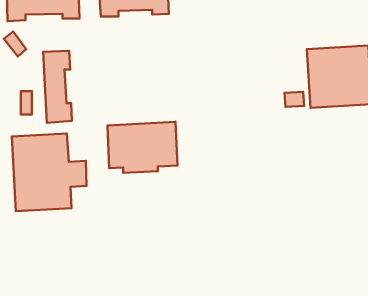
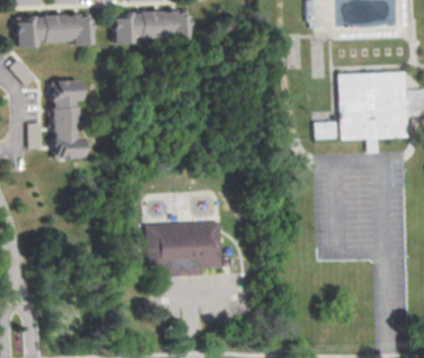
building: [107,122,177,173] -> [148,221,224,277]
building: [12,134,86,211] -> none

